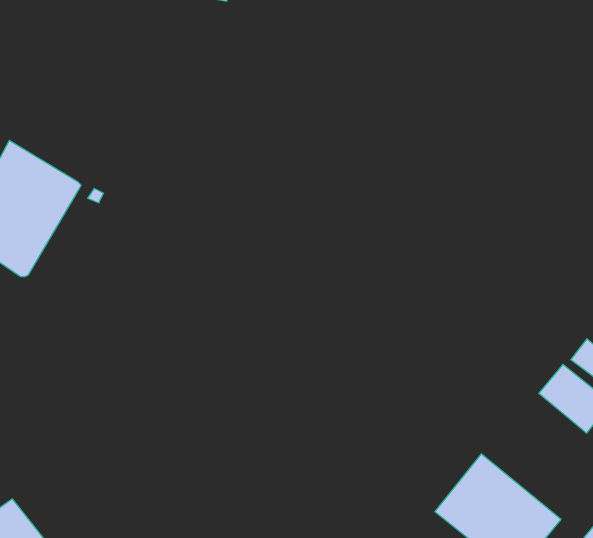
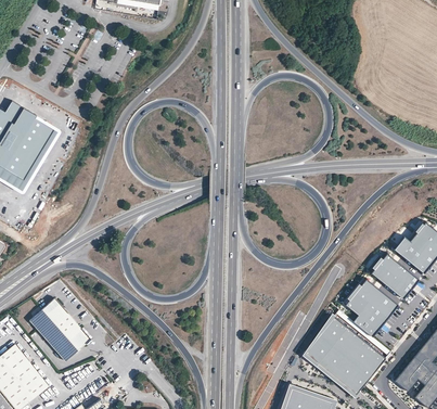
building: none -> [346,278,399,336]
building: none -> [29,298,91,361]

